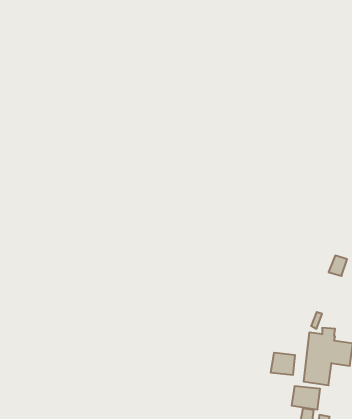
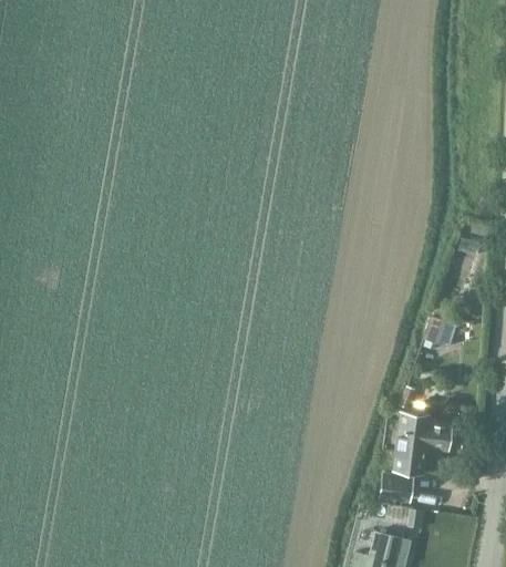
building: [271,353,295,375] -> none

